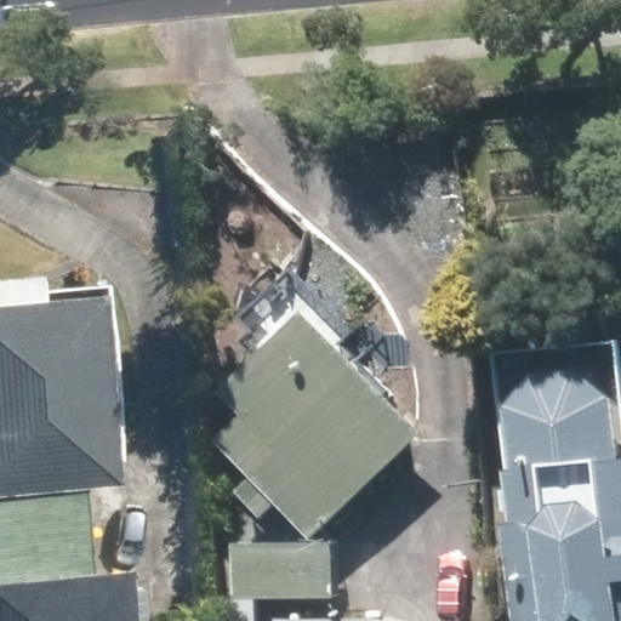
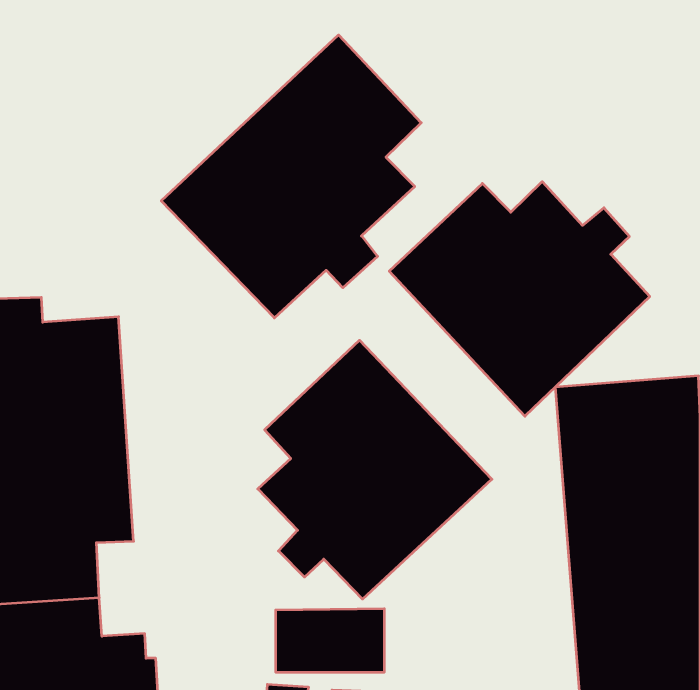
building: none -> [161,35,421,318]
building: none -> [389,182,650,416]

